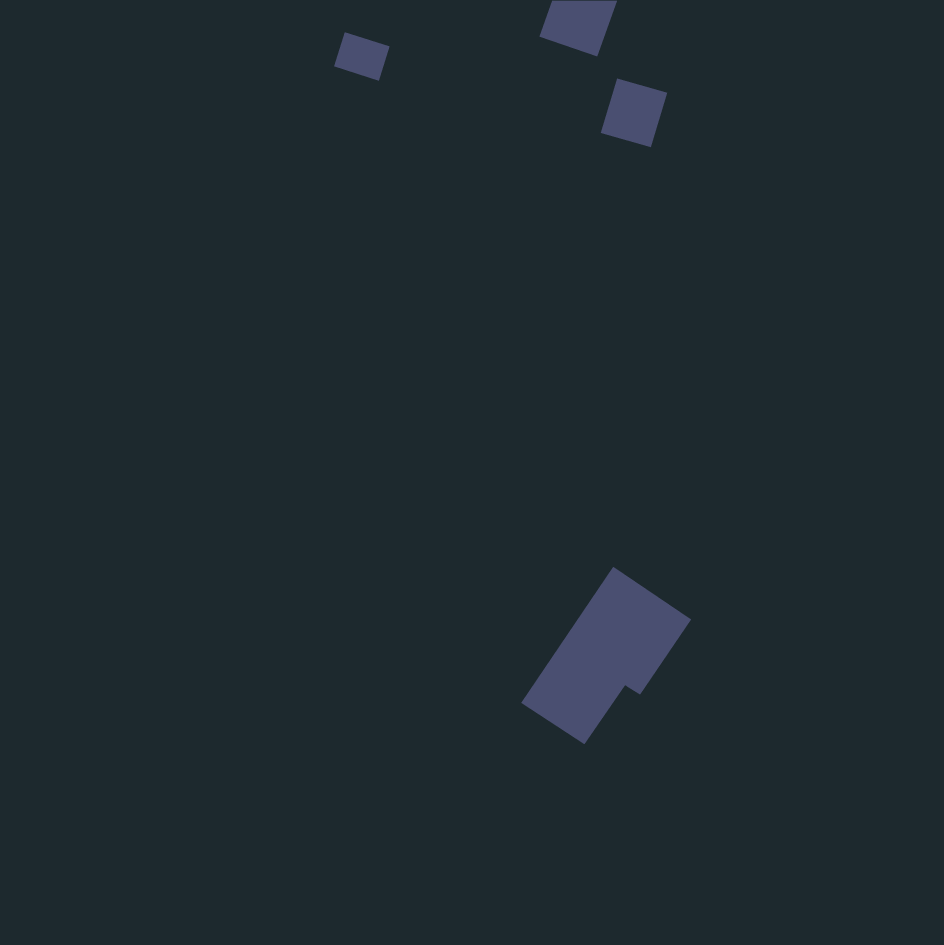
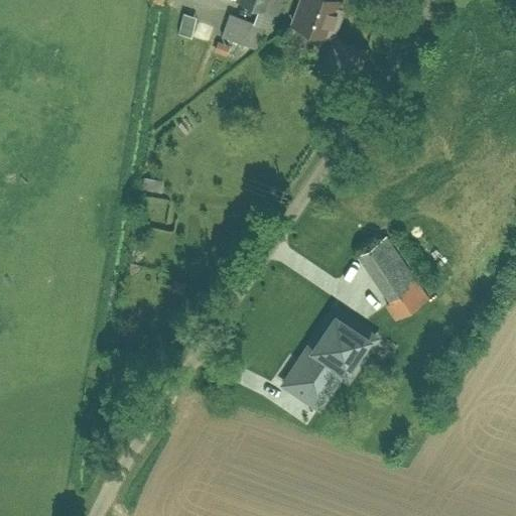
building: none -> [223,17,263,48]
building: none -> [352,234,430,327]

